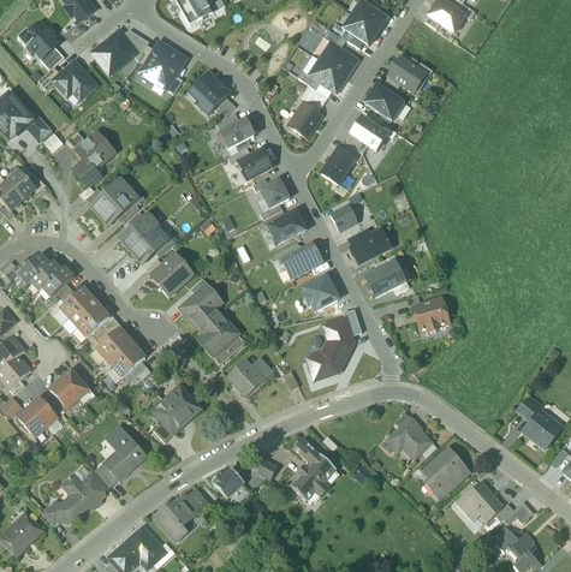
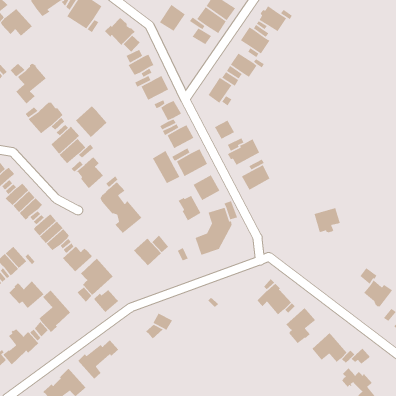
building: [287,101,322,137] -> [159,4,186,32]
building: none -> [75,105,107,138]
building: none -> [152,150,180,184]
building: [412,297,448,330] -> [314,207,341,233]
building: none -> [178,195,202,221]
building: none -> [62,246,93,272]
building: none -> [9,275,45,309]
building: [287,436,340,499] -> none
building: [212,466,245,497] -> [93,289,119,313]

